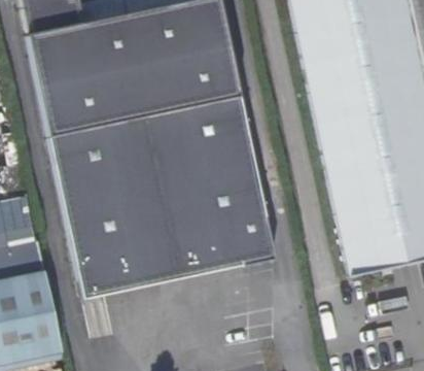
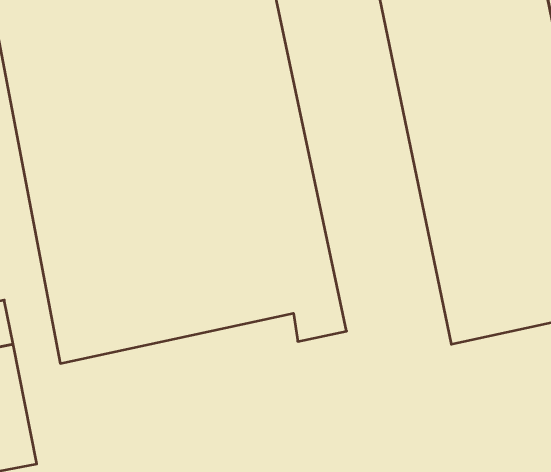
building: [76,245,242,301] -> none

